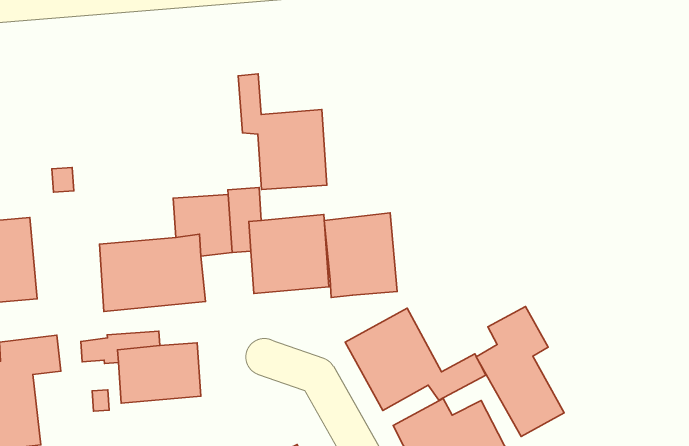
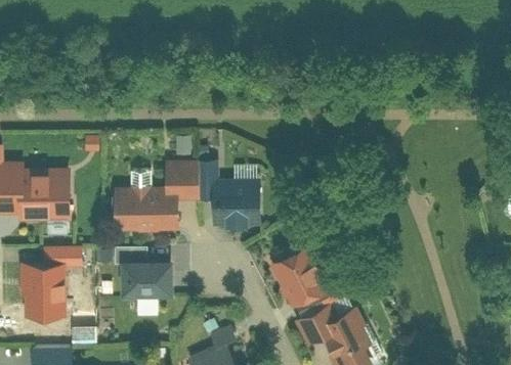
building: [238,74,327,190] -> none
building: [324,213,397,298] -> none
building: [476,307,564,437] -> none

